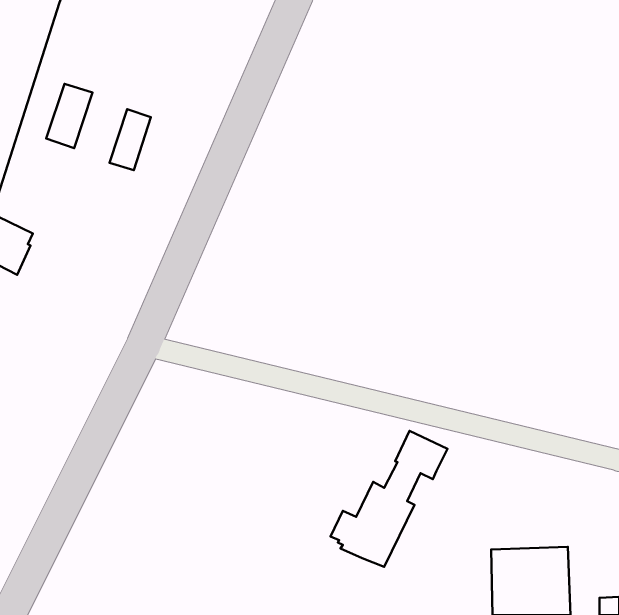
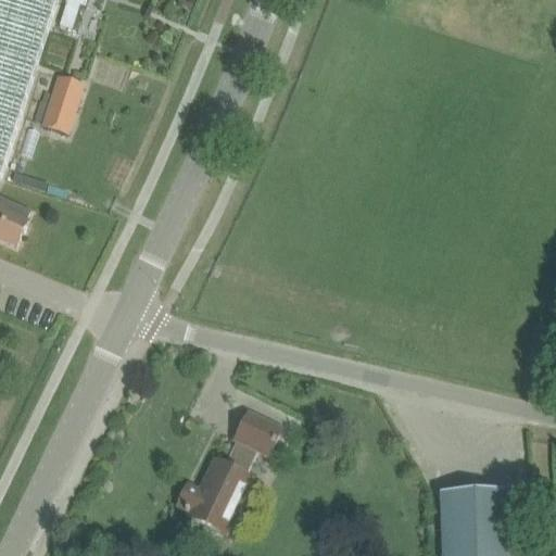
building: [110,109,151,170] -> none
building: [331,431,447,567] -> [176,410,280,532]

